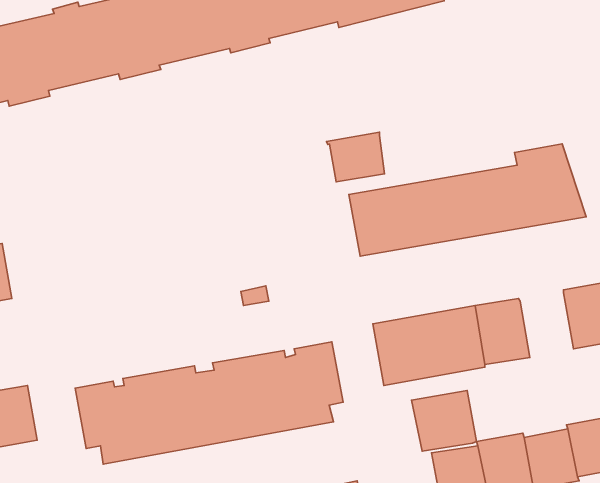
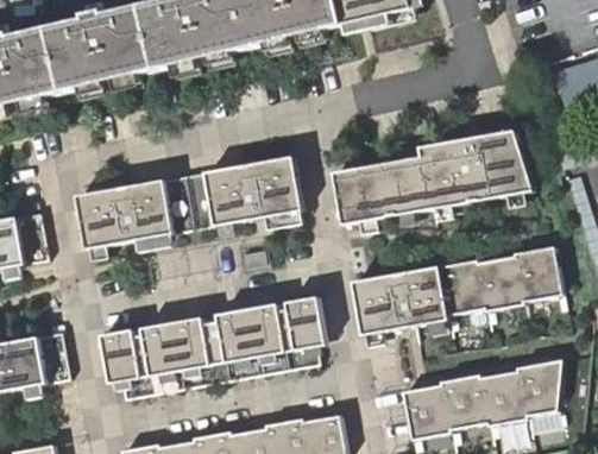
building: [327,132,385,182] -> none
building: none -> [75,156,301,247]
building: none -> [477,254,522,310]
building: [412,390,477,451] -> none

